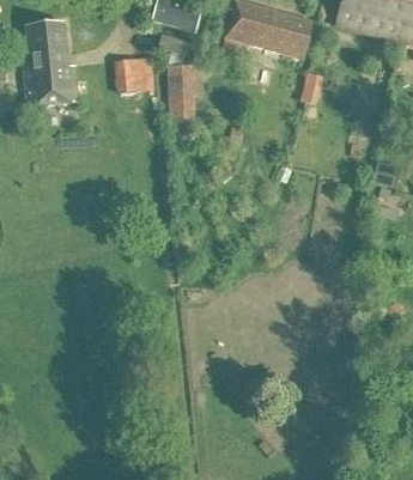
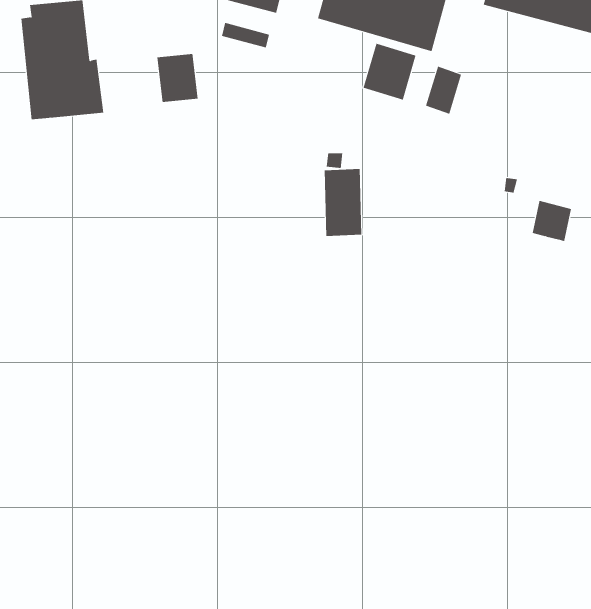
building: none -> [363,43,416,100]
building: [169,72,195,119] -> [324,168,362,236]

